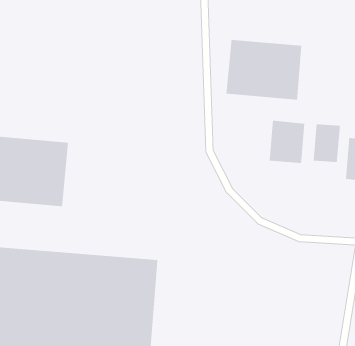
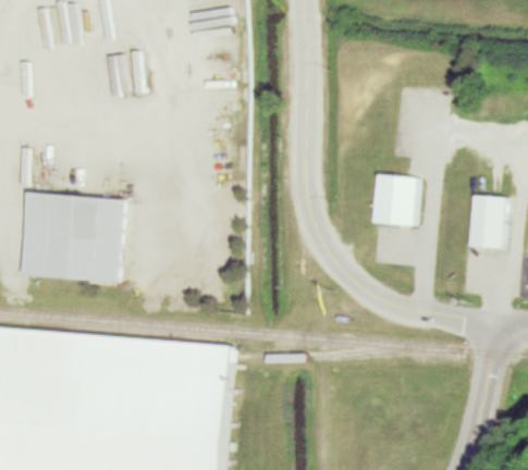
building: [226,39,302,100] -> none
building: [313,124,340,163] -> none

